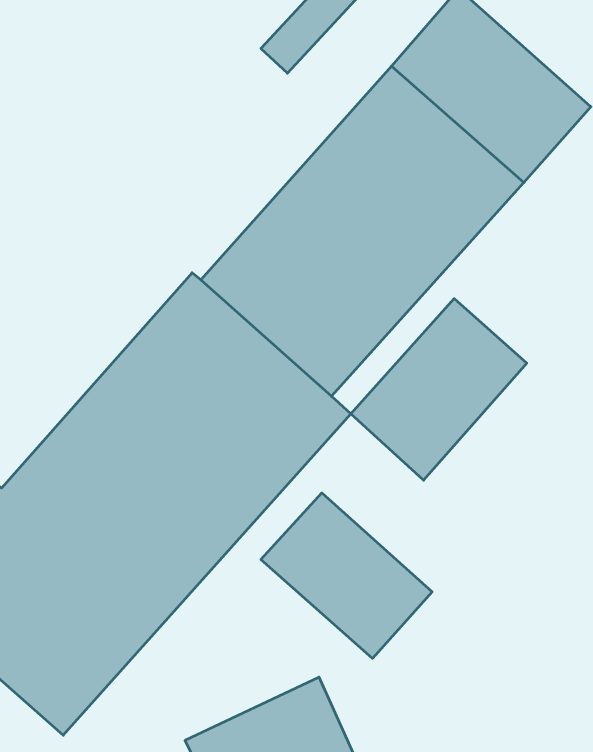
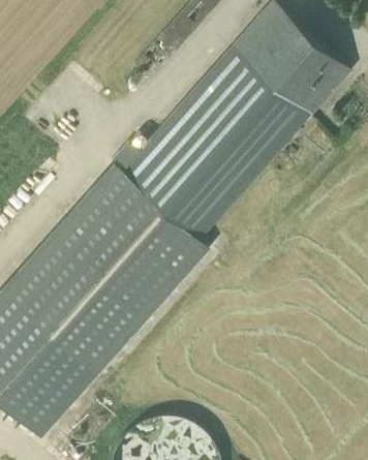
building: [351,299,527,480] -> none
building: [261,493,432,658] -> none

